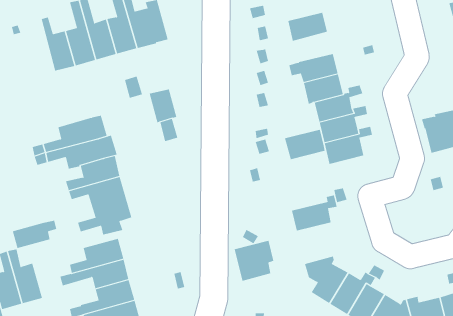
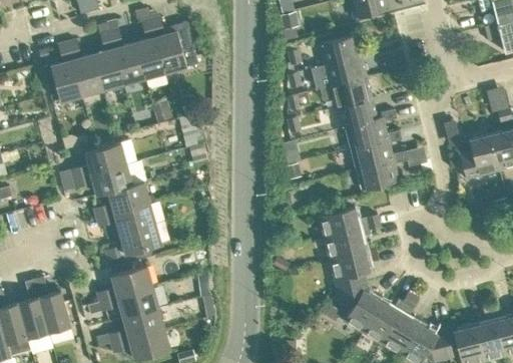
building: none -> [51,42,82,101]
building: none -> [325,55,367,86]
building: [284,129,325,160] -> [318,207,360,238]
building: [12,220,57,249] -> none
building: [234,240,274,281] -> [329,250,370,292]

